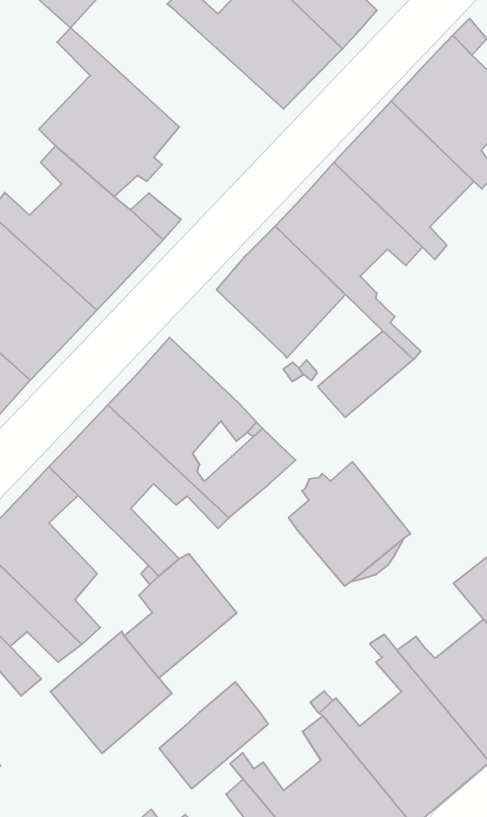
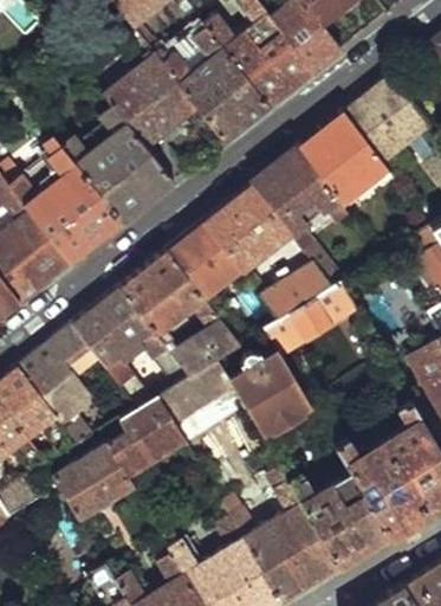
building: none -> [144,27,268,142]
building: none -> [168,221,244,301]
building: none -> [265,284,352,355]
building: [159,682,268,789] -> [158,360,234,427]

